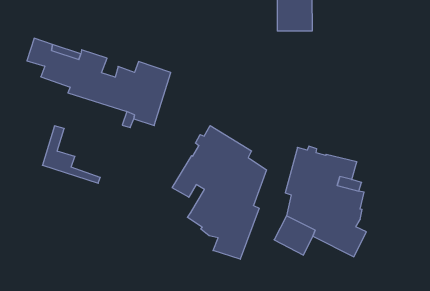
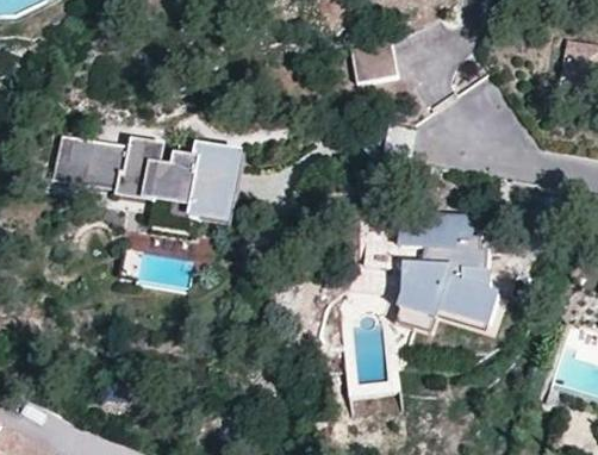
building: [172,126,267,259] -> none
building: [42,126,100,183] -> [57,136,126,193]

